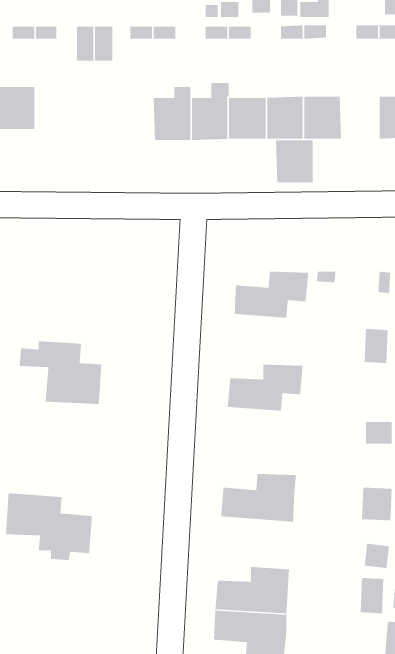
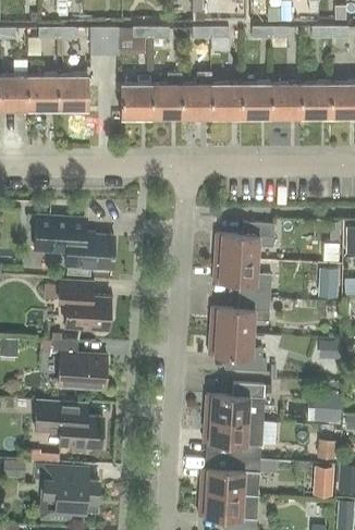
building: none -> [58,75,88,110]
building: none -> [121,84,152,119]
building: [275,139,313,183] -> [301,83,331,118]
building: none -> [35,215,114,268]
building: none -> [213,257,271,297]
building: none -> [209,331,267,371]
building: none -> [51,338,108,389]
building: none -> [204,418,264,459]
building: none -> [37,465,99,519]

